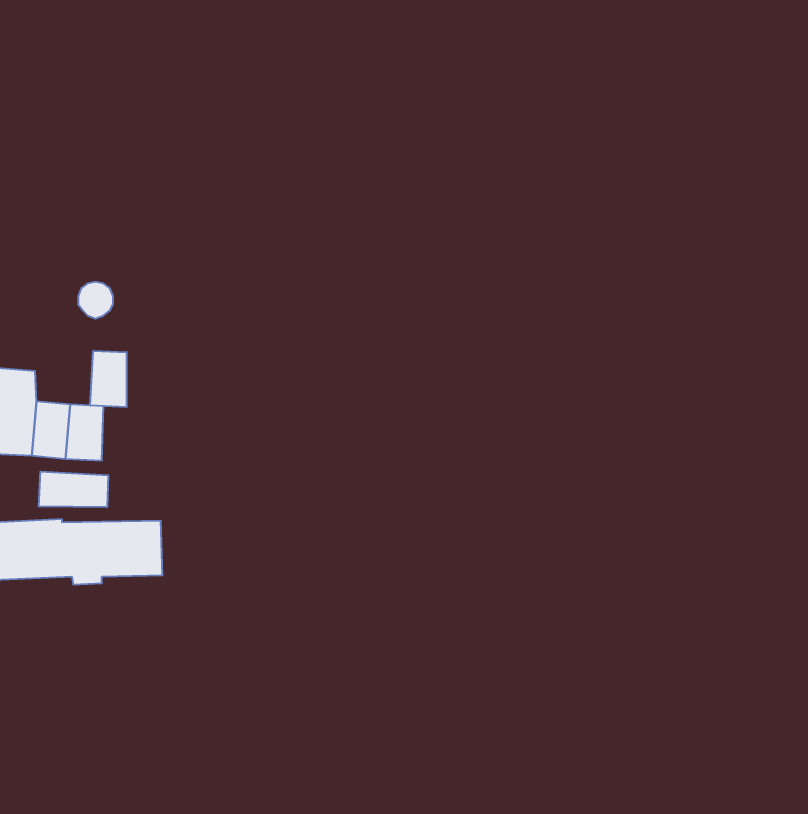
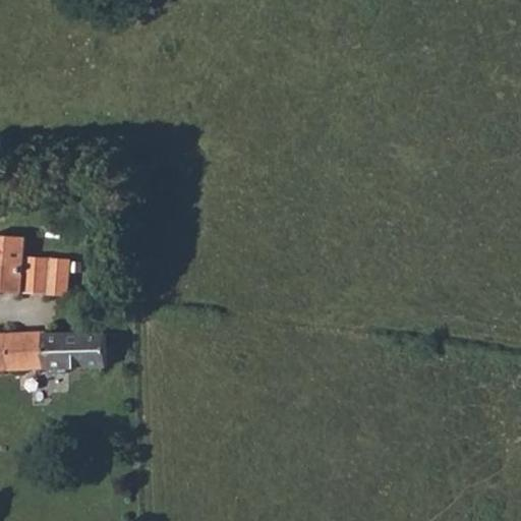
building: [90,351,127,407] -> none
building: [39,472,108,507] -> none

